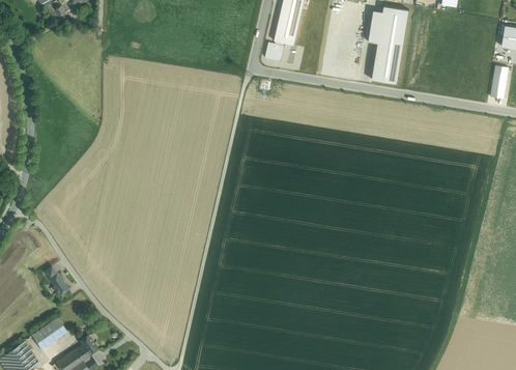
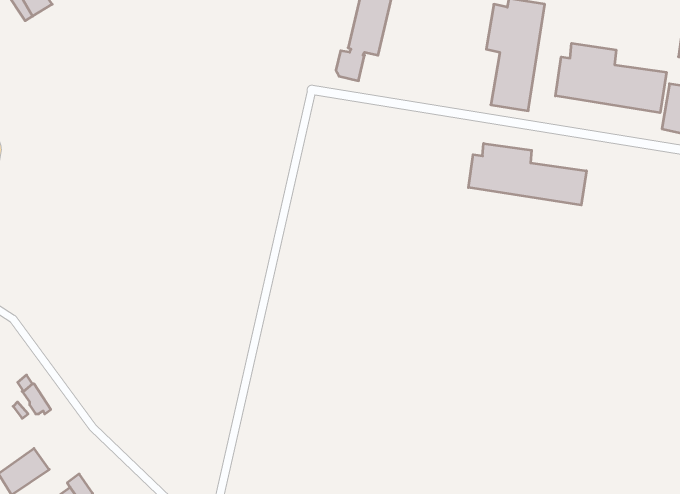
building: none -> [555,43,666,113]
building: none -> [468,143,586,205]

